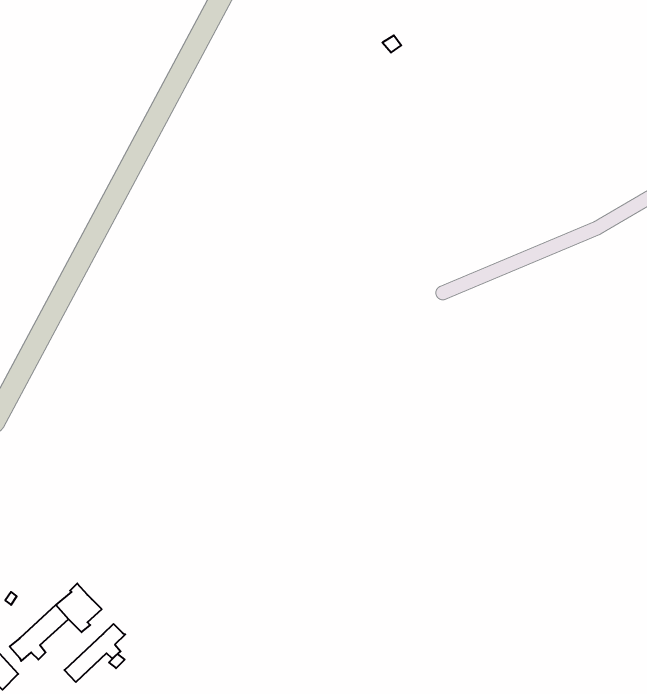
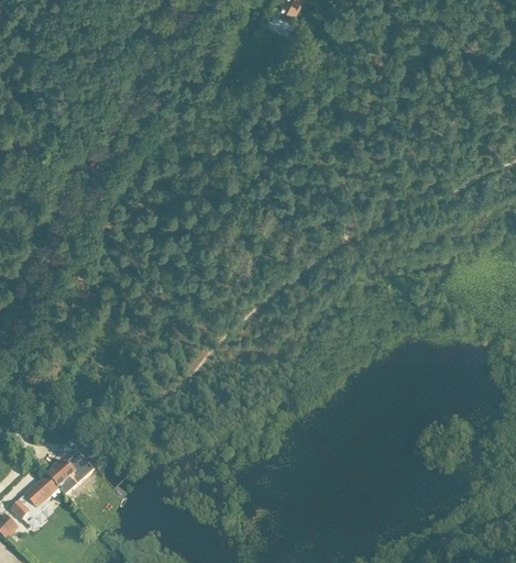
building: [64,624,125,682] -> none

